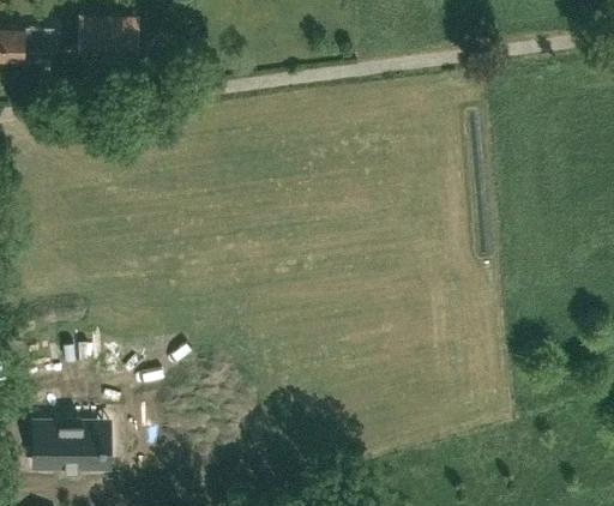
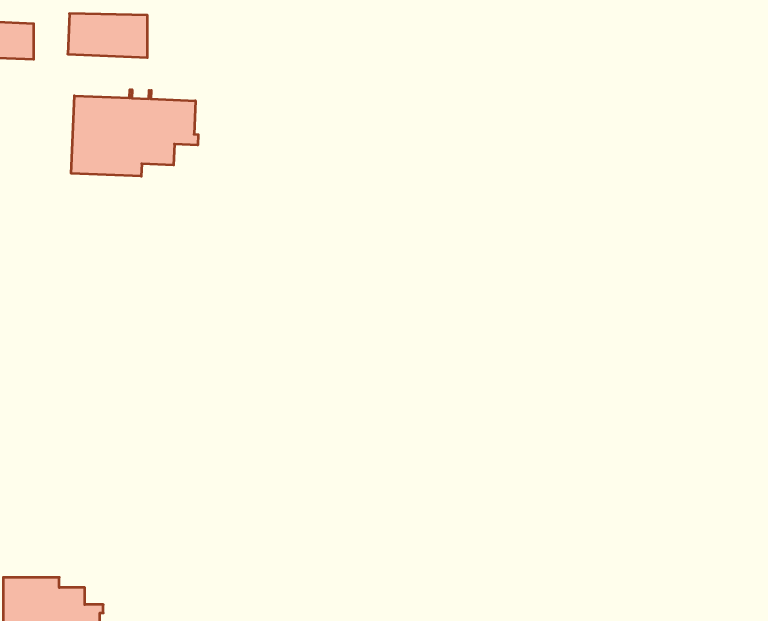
building: none -> [71,90,198,176]

